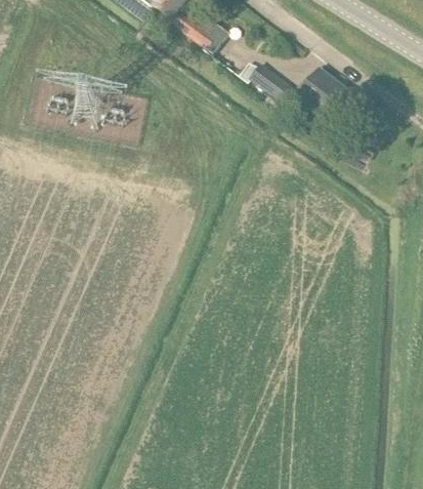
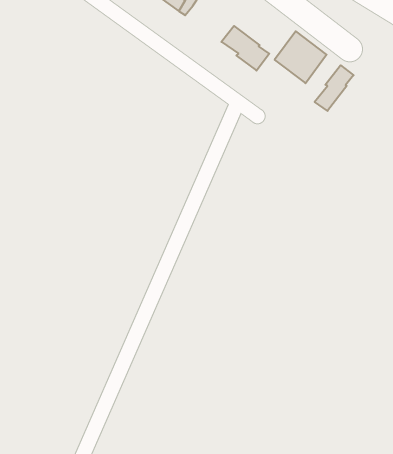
building: none -> [315,65,354,111]

